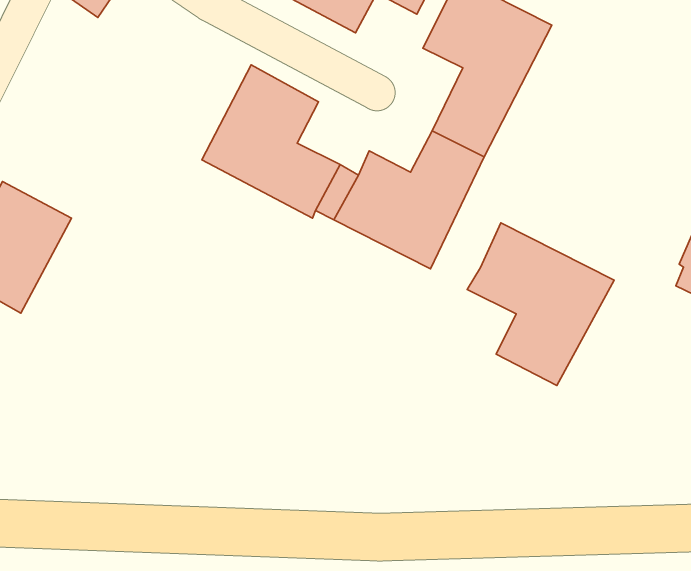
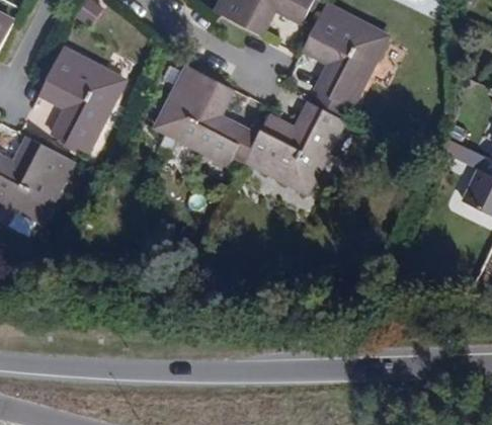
building: none -> [35,46,121,152]
building: [467,223,614,385] -> none

